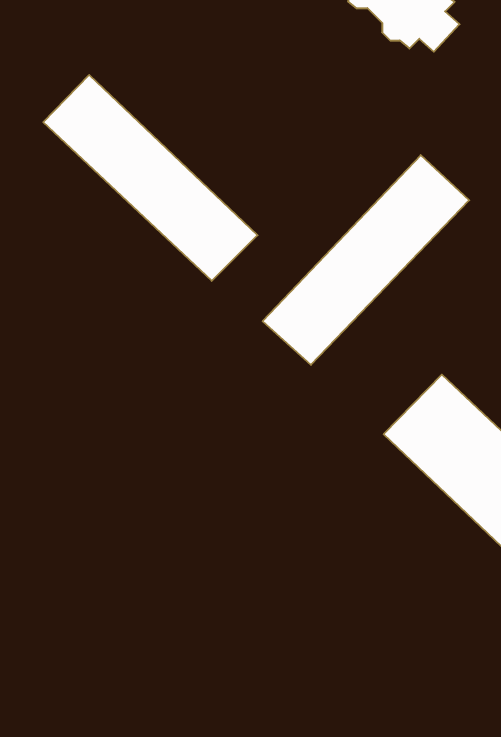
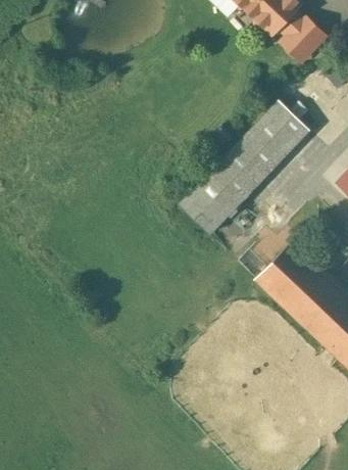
building: none -> [281,17,325,62]
building: [43,75,258,281] -> none

